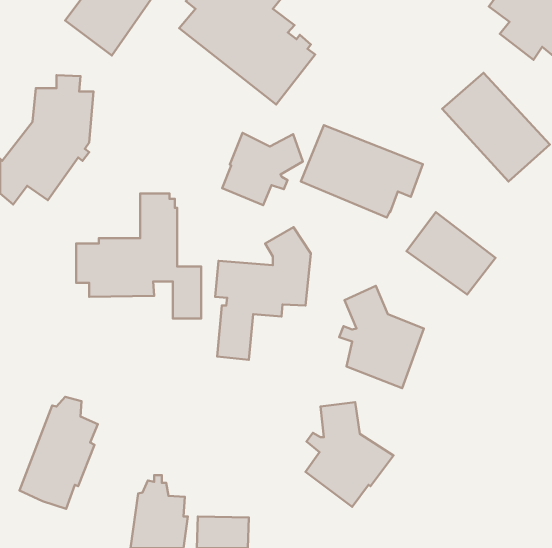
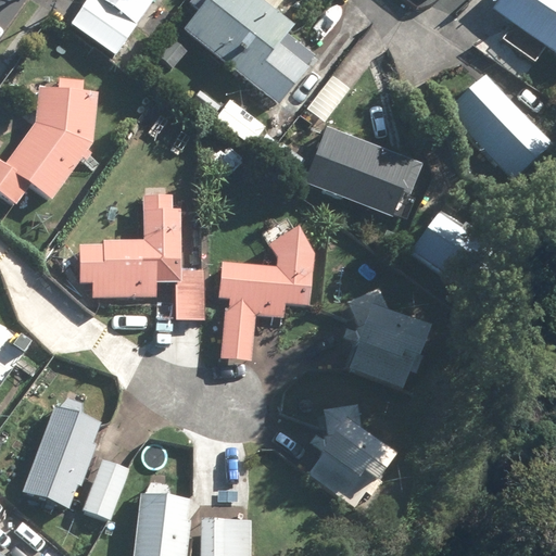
building: [222,133,303,205] -> none
building: none -> [85,457,131,518]

